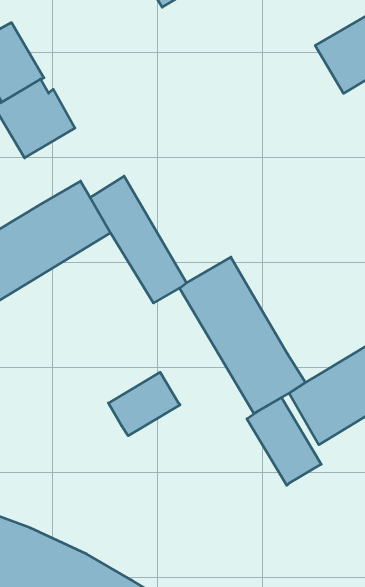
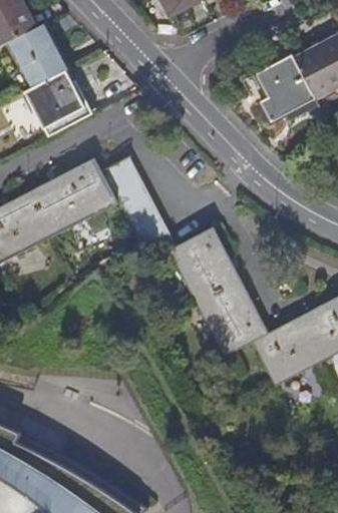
building: none -> [256,53,315,121]
building: [108,372,180,436] -> none
building: [247,398,321,485] -> none

